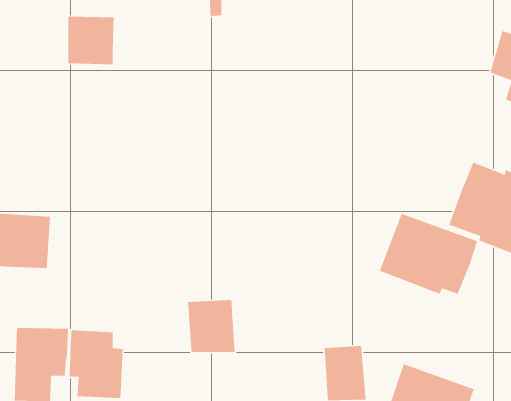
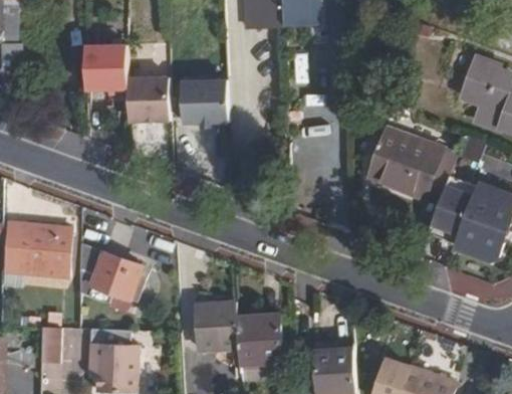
building: none -> [127,77,170,121]
building: none -> [180,77,228,121]
building: [379,213,478,295] -> [367,131,457,204]
building: none -> [78,243,140,297]
building: none -> [235,315,281,365]

